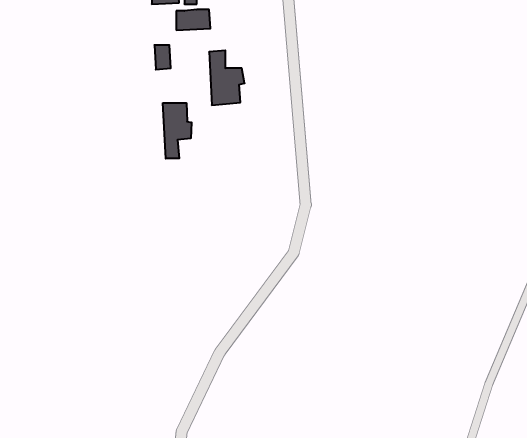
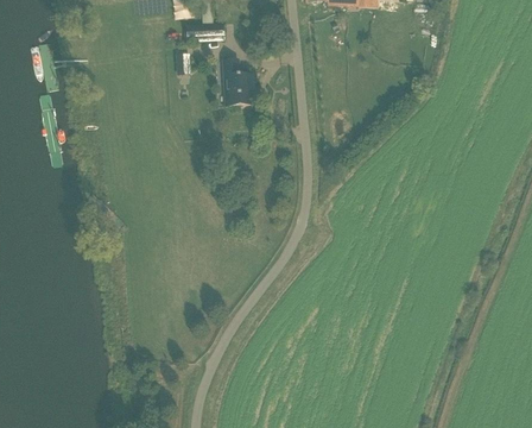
building: [163,103,192,159] -> none

